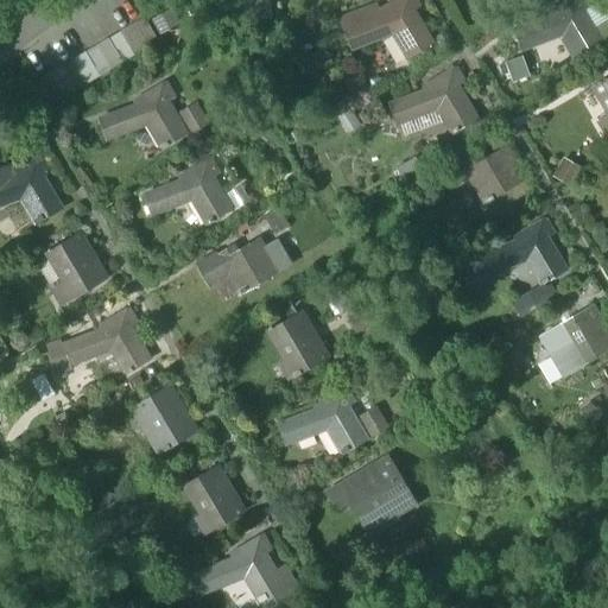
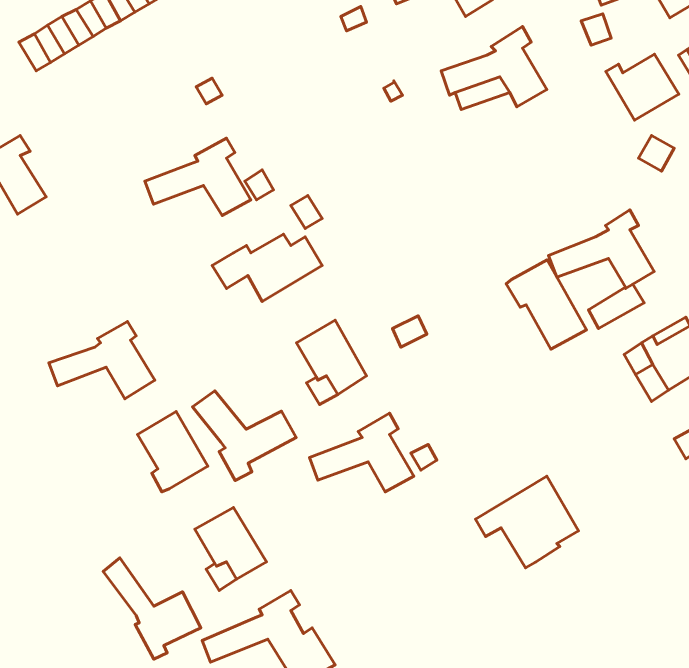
building: [101,84,188,148] -> none
building: [463,148,524,203] -> [606,54,679,120]
building: [46,232,107,303] -> none
building: none -> [506,260,587,349]
building: none -> [193,391,296,481]
building: [329,457,414,533] -> [475,476,578,568]
building: none -> [103,558,201,659]

